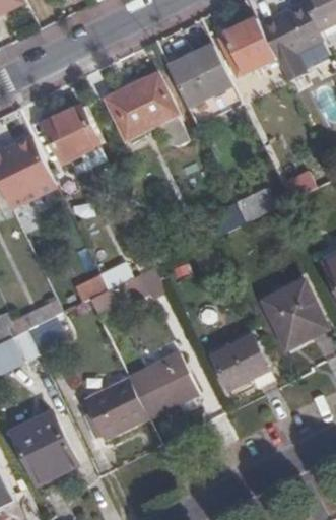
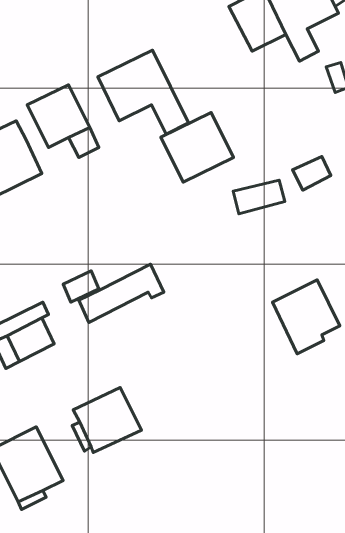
building: [167,46,233,109] -> [161,113,233,182]
building: [213,336,270,389] -> none
building: [126,352,199,417] -> none

